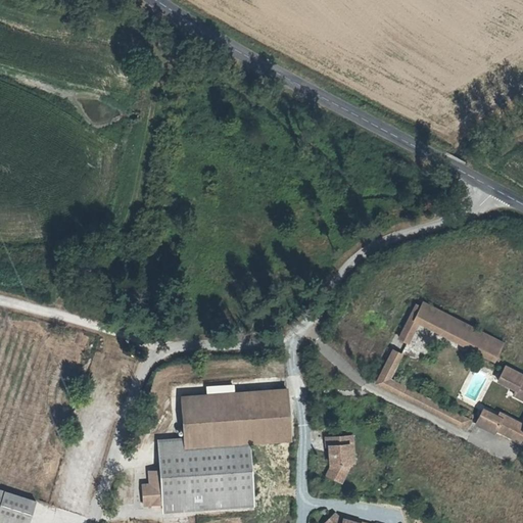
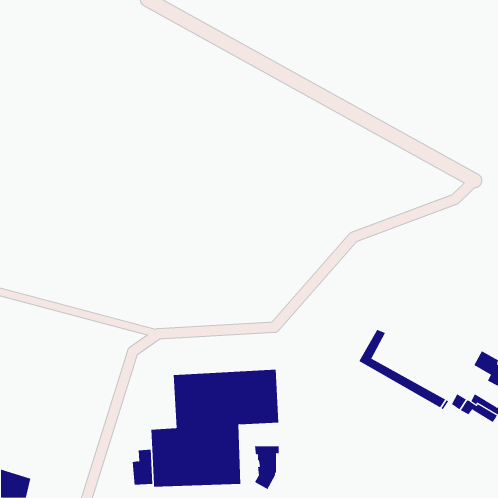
building: [398,299,502,362] -> none
building: [325,437,351,483] -> [254,446,280,490]

